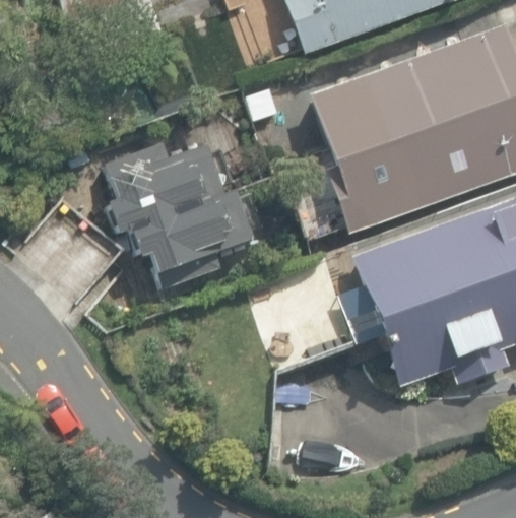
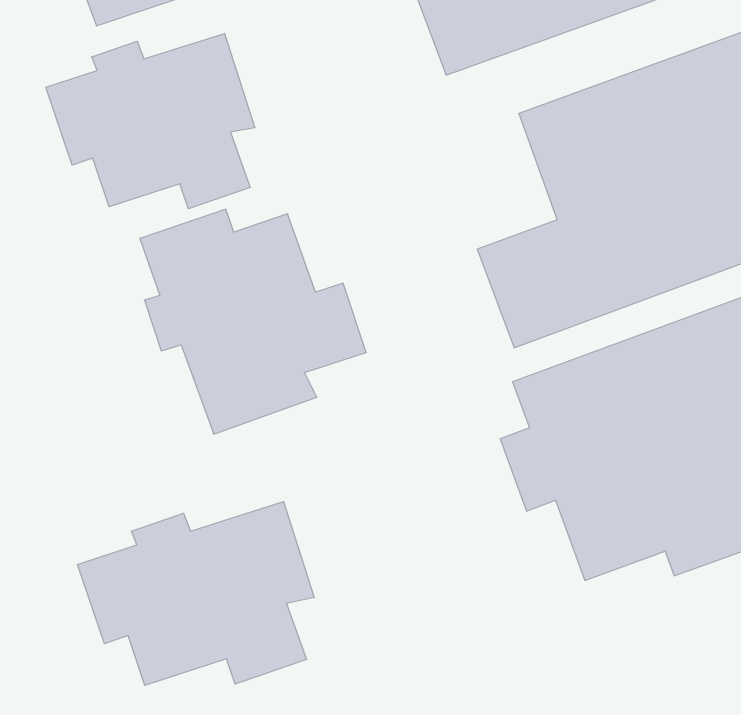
building: none -> [46,33,255,209]
building: none -> [78,501,314,685]

